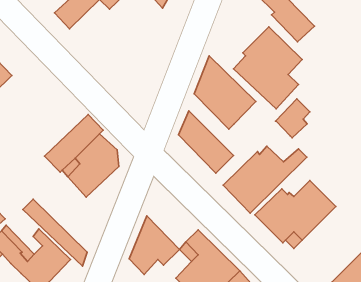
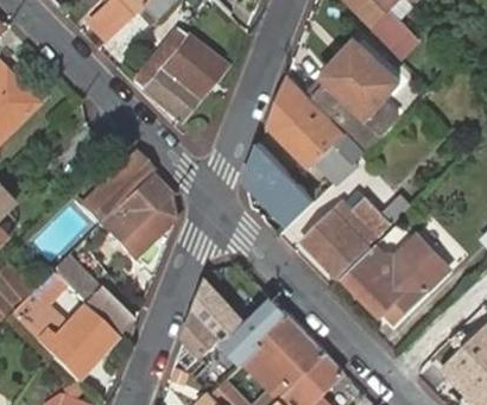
building: none -> [138,31,223,120]
building: [275,99,310,138] -> [318,135,362,185]

